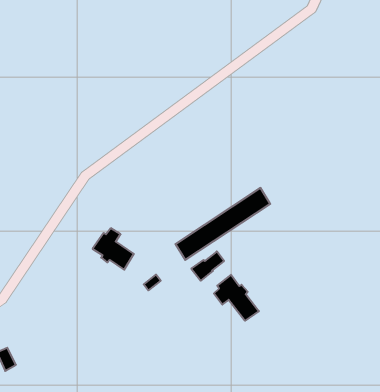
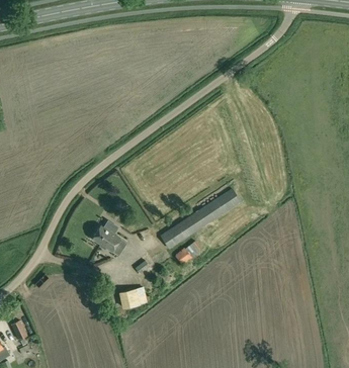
building: [214,275,259,321] -> none
building: none -> [118,287,145,308]

